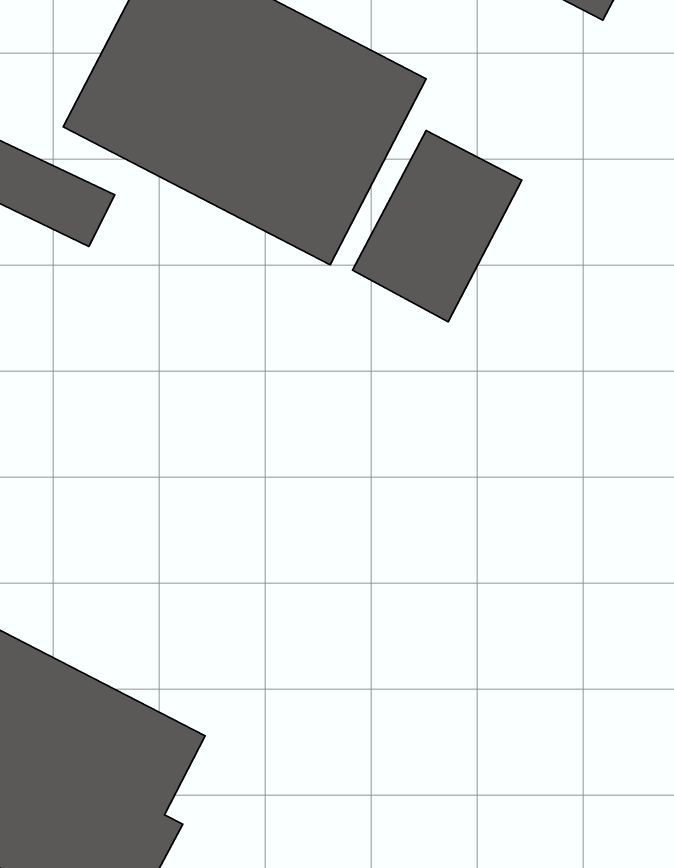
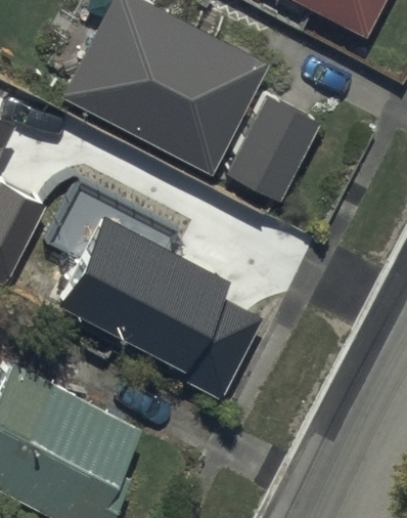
building: none -> [73,213,244,373]

